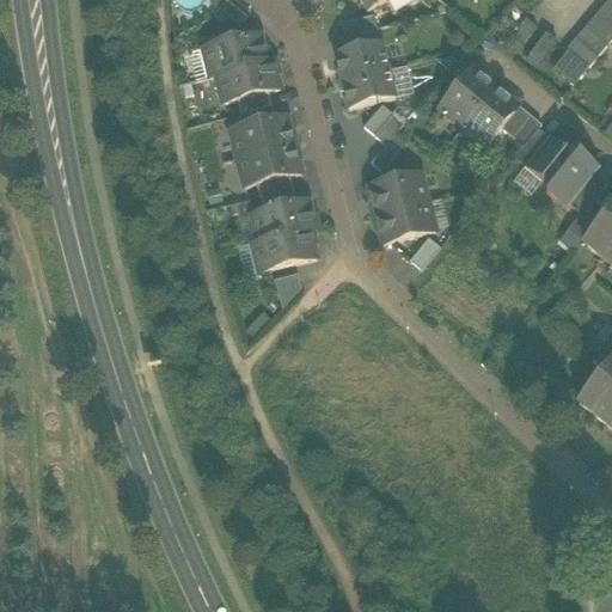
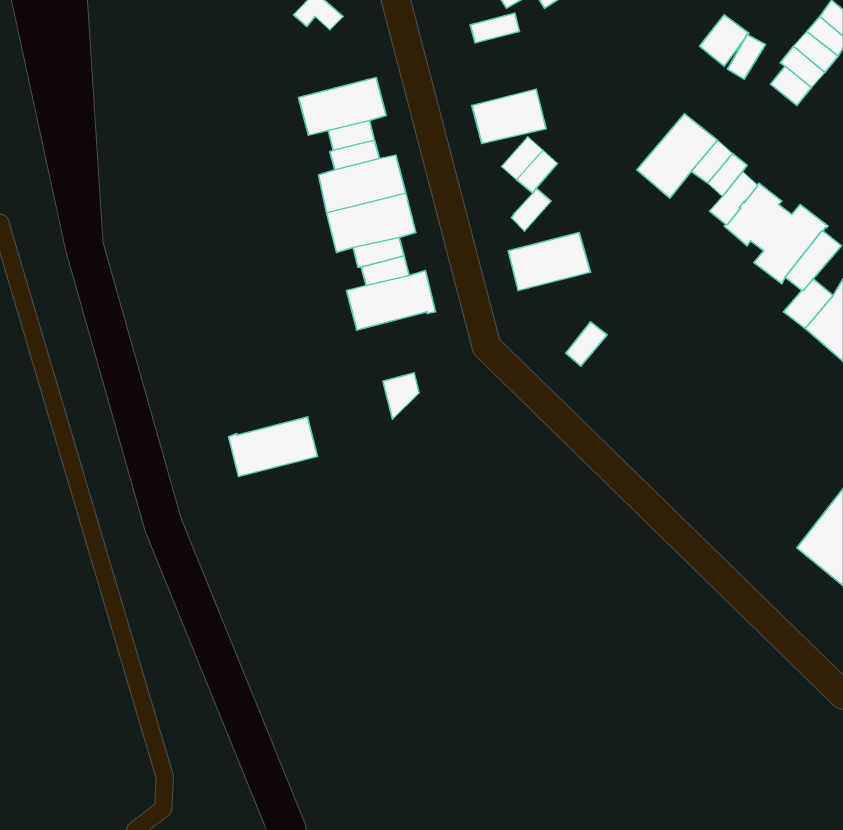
building: [203,30,268,72] -> none
building: [335,37,388,76] -> none
building: [439,62,496,123] -> none
building: [375,197,435,239] -> none
building: [252,226,317,269] -> [229,417,318,476]

